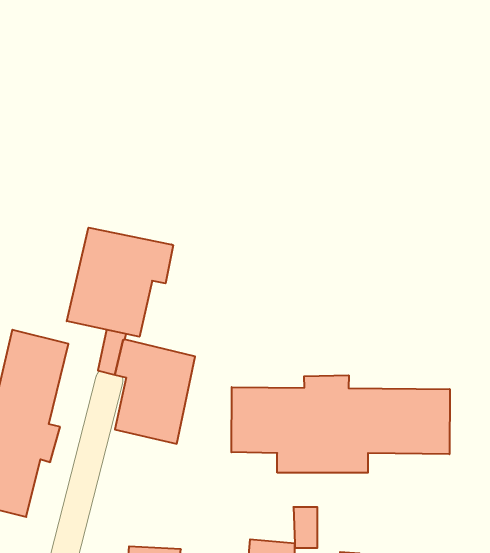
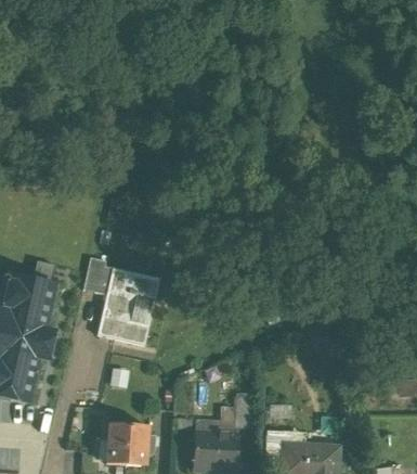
building: [67,228,173,337] -> none
building: [231,375,450,473] -> none

